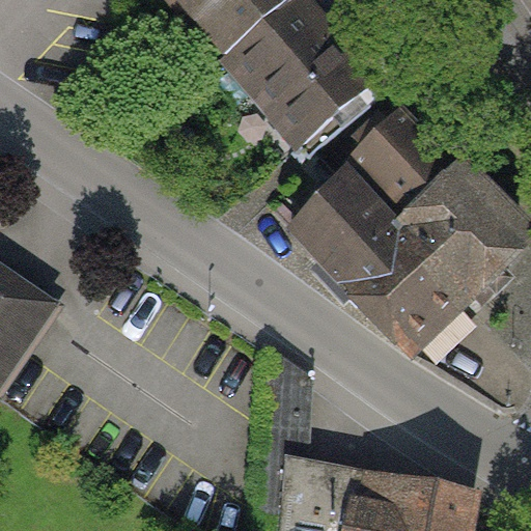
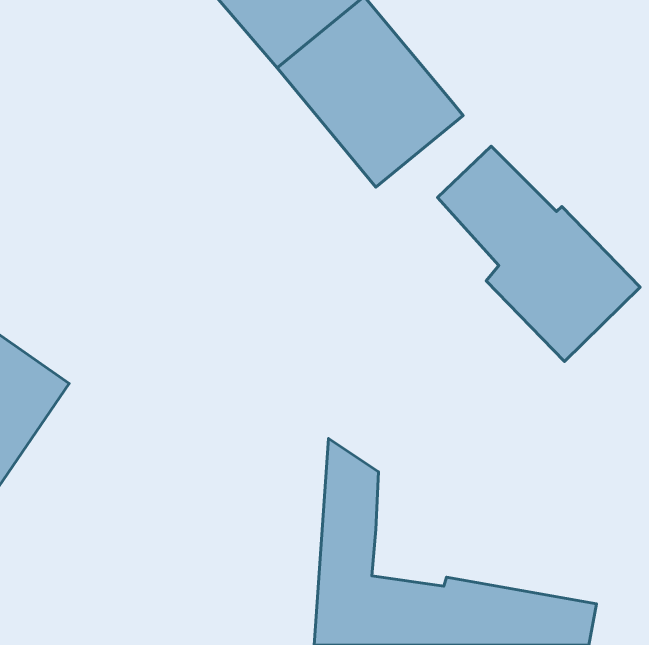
building: [288,173,463,351] -> none

